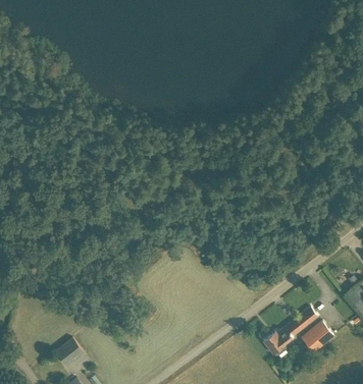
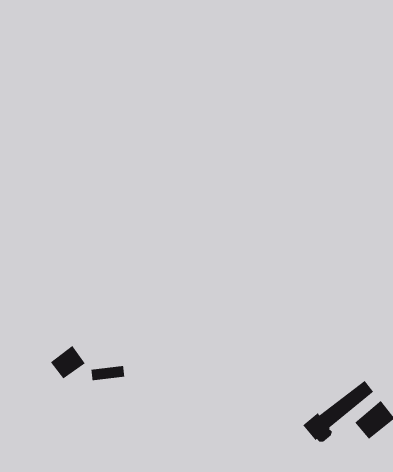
building: [55,338,83,365] -> [50,345,86,379]

